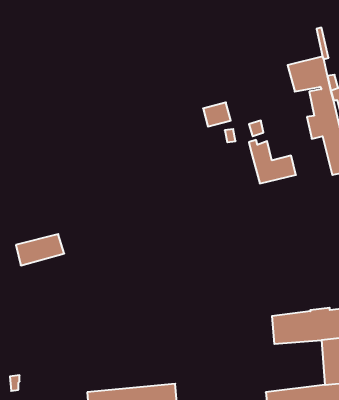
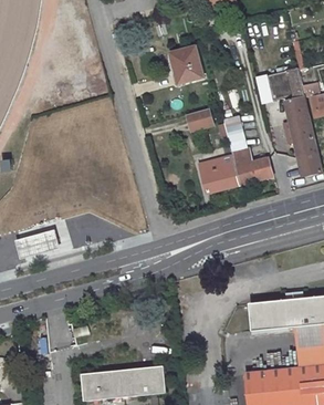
building: none -> [169,45,202,82]
building: none -> [198,154,239,191]

